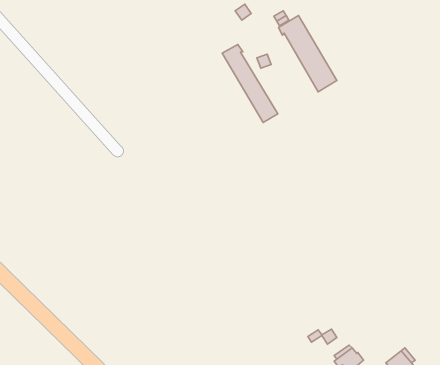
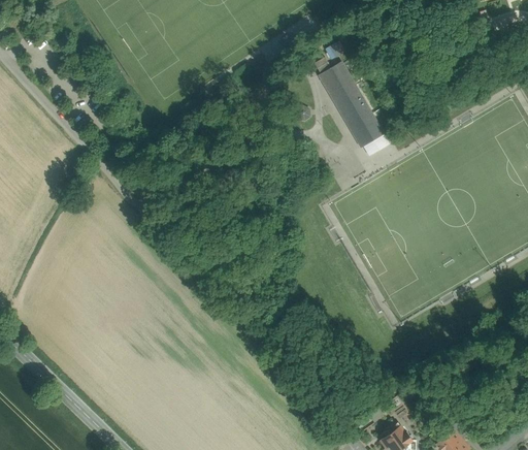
building: [222,44,278,122] -> none

